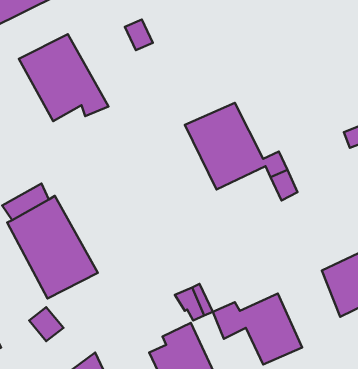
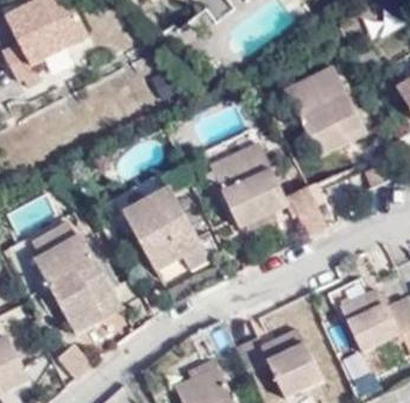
building: none -> [284,68,361,157]
building: [19,34,108,121] -> [122,188,209,272]

